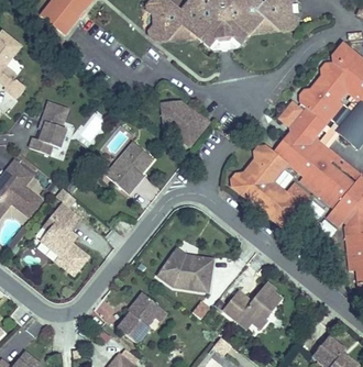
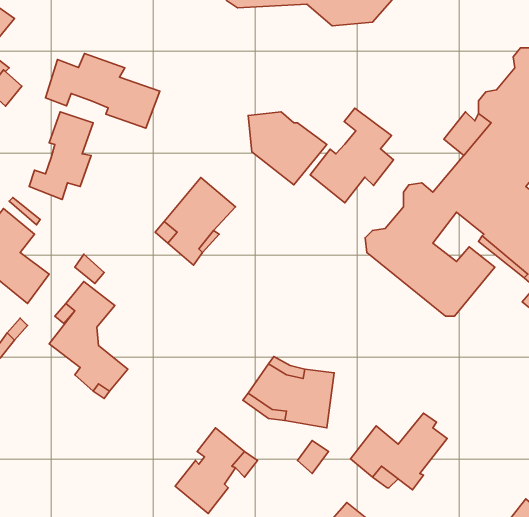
building: none -> [45,54,160,128]
building: none -> [310,108,393,203]

